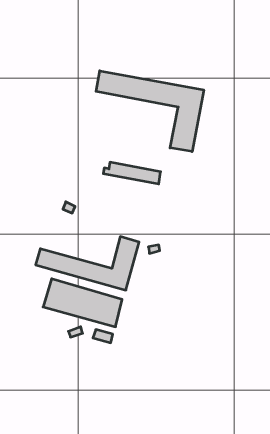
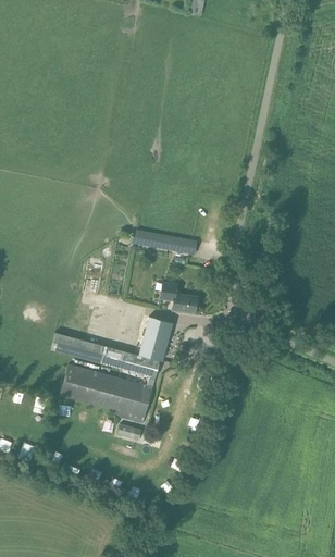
building: [96,71,204,152] -> none
building: none -> [161,282,197,312]

